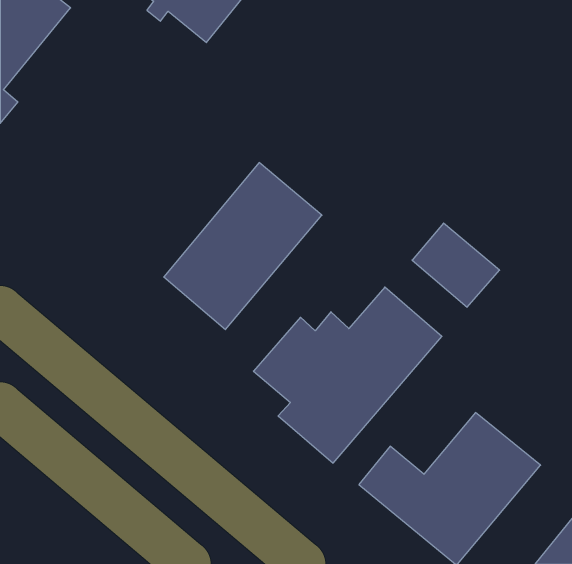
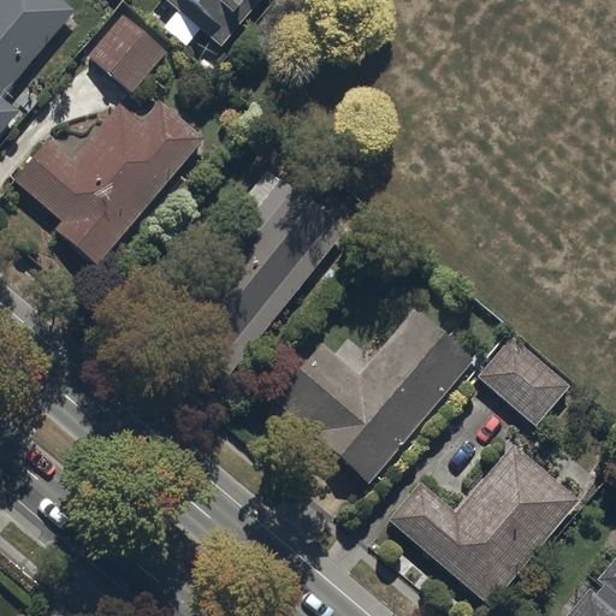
building: none -> [89,12,168,90]
building: none -> [11,101,203,265]
building: [412,223,500,307] -> [476,332,570,422]

